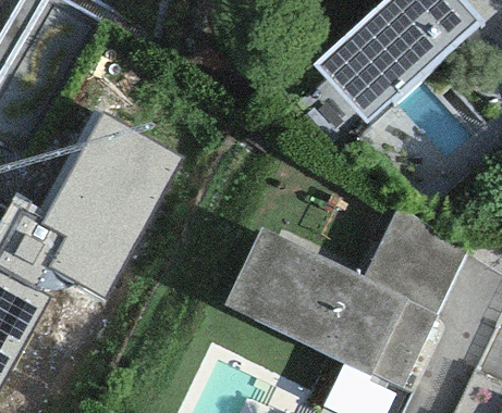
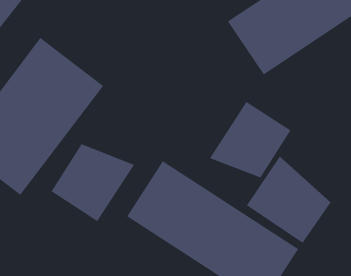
building: none -> [209,101,291,178]
building: none -> [50,143,135,222]

